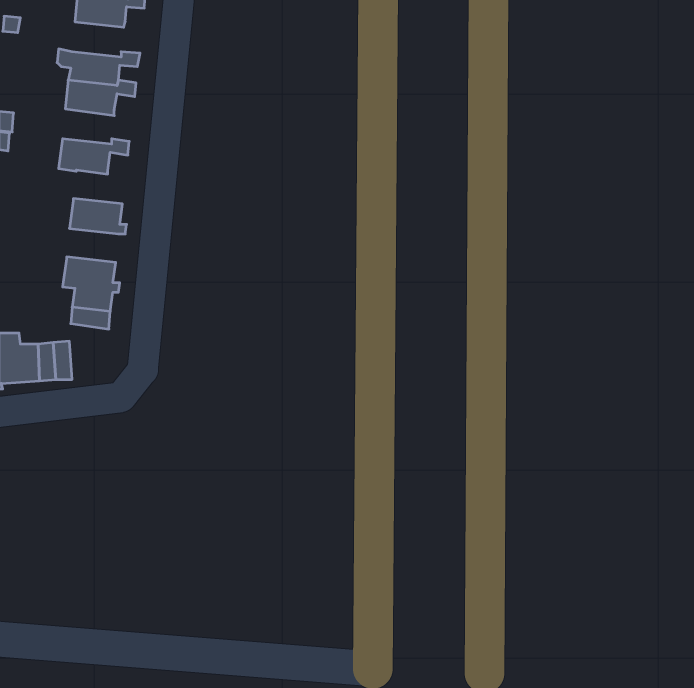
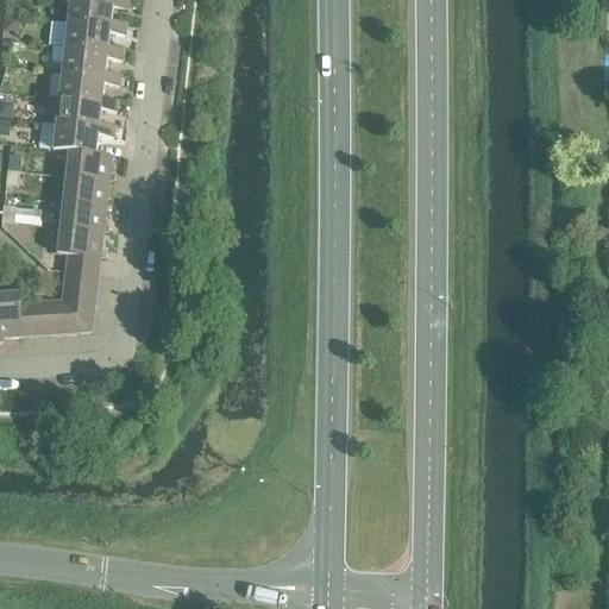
building: none -> [63,19,125,50]
building: none -> [55,95,117,126]
building: none -> [64,149,113,180]
building: none -> [58,200,107,231]
building: none -> [61,299,93,332]

